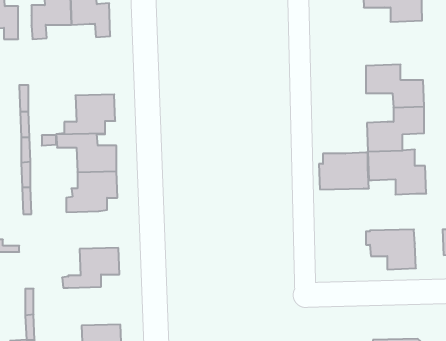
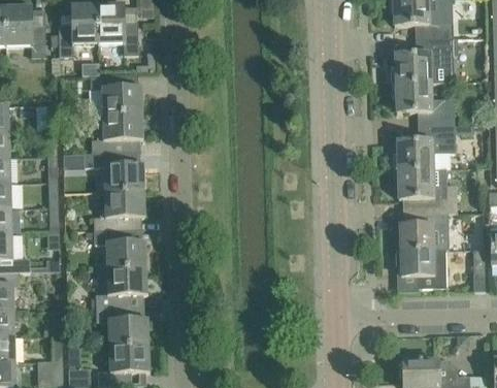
building: none -> [395,38,458,84]
building: none -> [90,65,142,114]
building: [319,153,369,189] -> [399,213,450,250]
building: none -> [86,230,146,268]
building: none -> [93,306,148,346]

